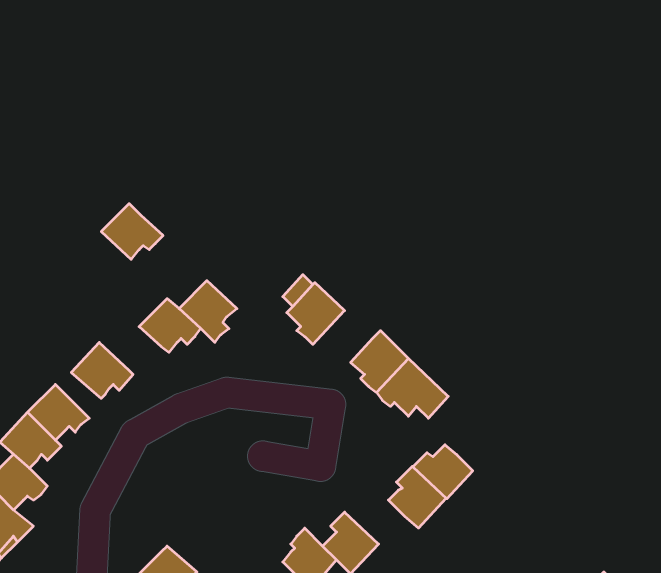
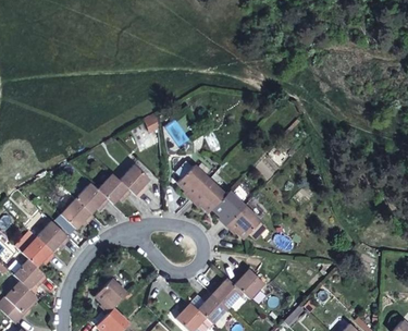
building: [101,204,163,259] -> [76,182,110,212]
building: none -> [193,180,225,211]
building: [413,445,473,499] -> [210,278,243,307]
building: none -> [96,278,127,311]

